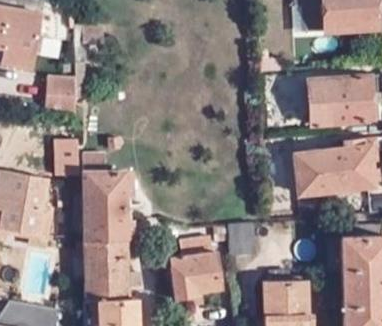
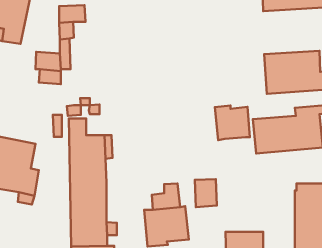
building: none -> [215,106,250,140]

